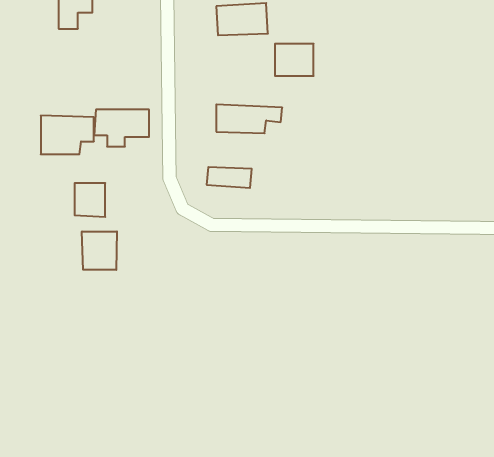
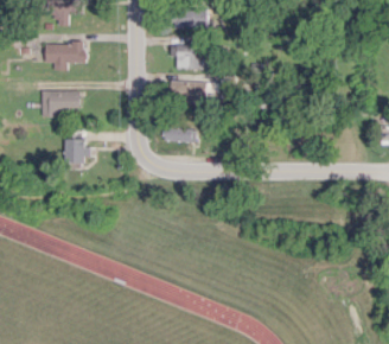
building: [275,44,314,76] -> [178,45,206,69]
building: [94,110,149,147] -> [45,43,85,70]
building: [82,231,117,270] -> none

